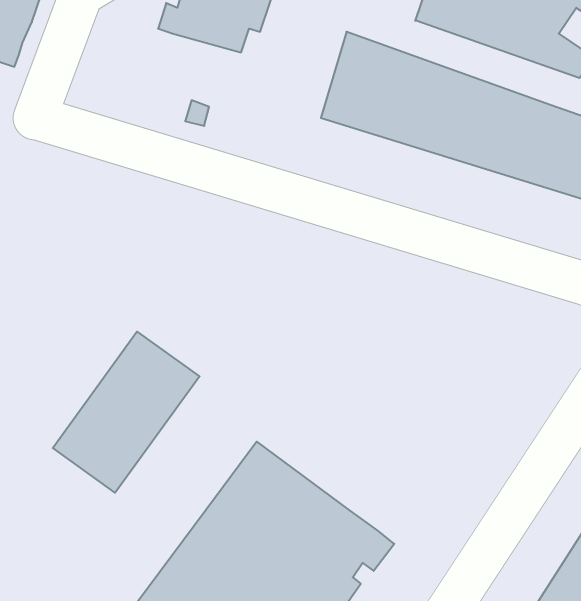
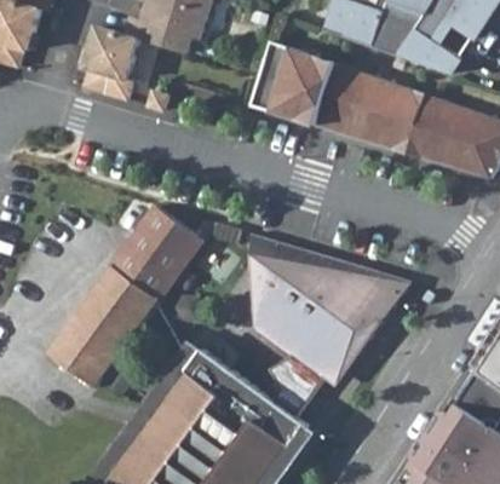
building: none -> [82,28,137,99]
building: none -> [110,206,201,300]
building: none -> [248,235,408,417]

